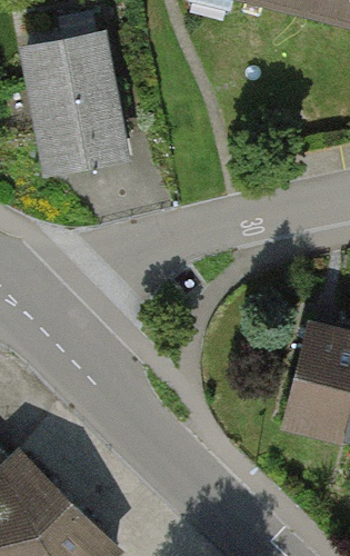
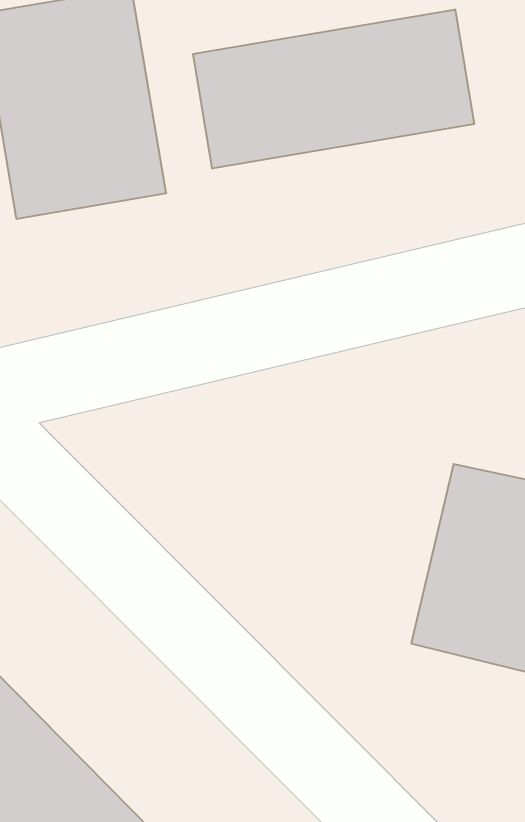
building: none -> [193,9,474,169]

